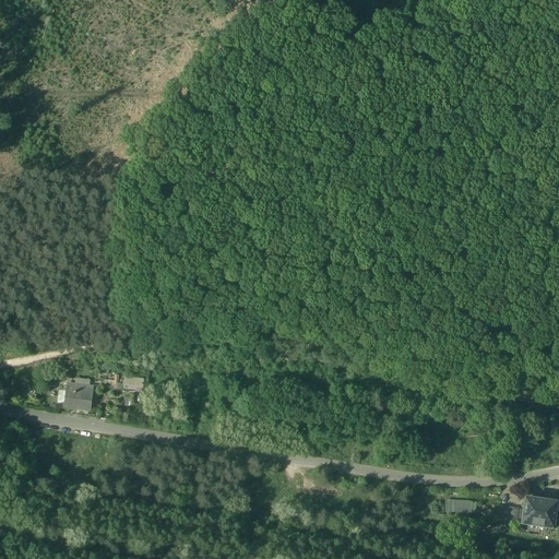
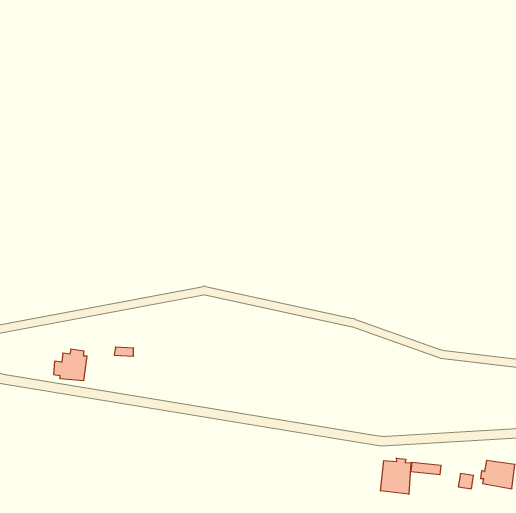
building: none -> [381,458,411,494]

